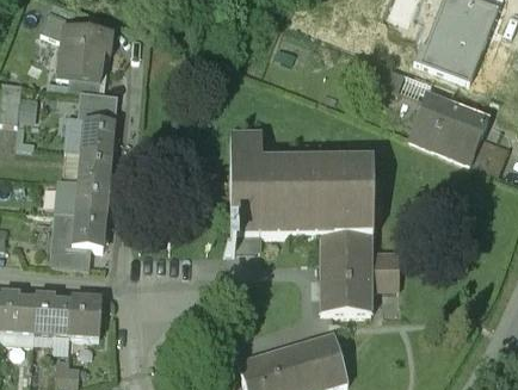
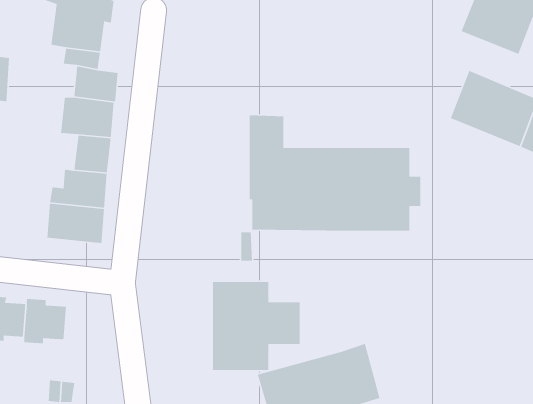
building: [321,234,399,312] -> [212,281,301,371]
building: [51,240,91,264] -> none
building: [69,295,100,335] -> none

